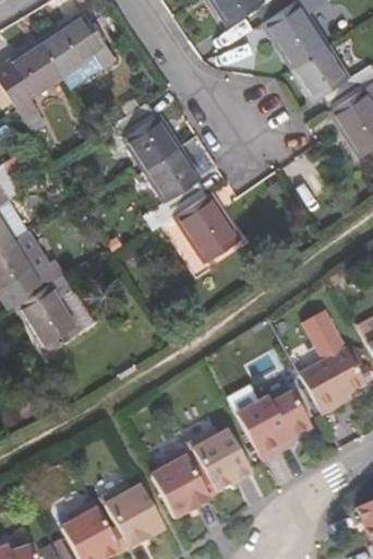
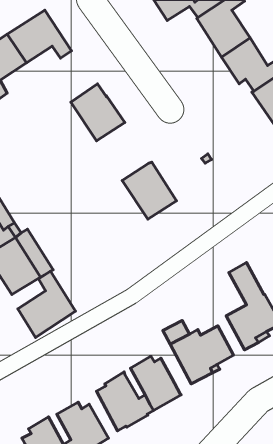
building: [146,146,208,225] -> none
building: none -> [18,271,76,337]

